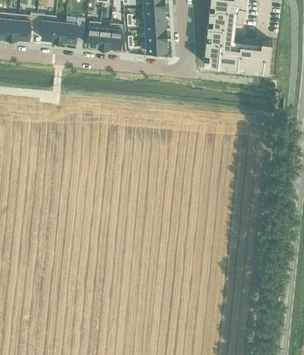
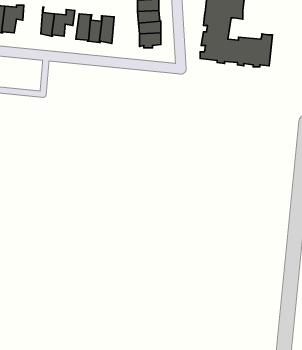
building: [36,14,55,41] -> none

